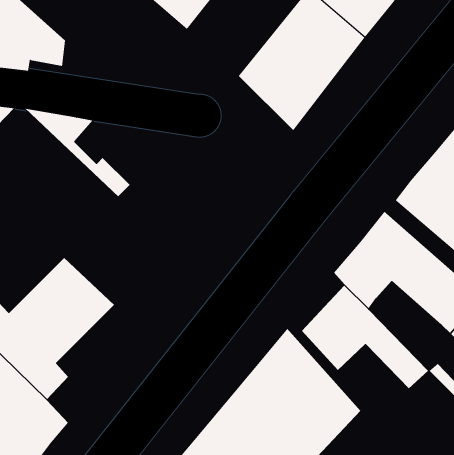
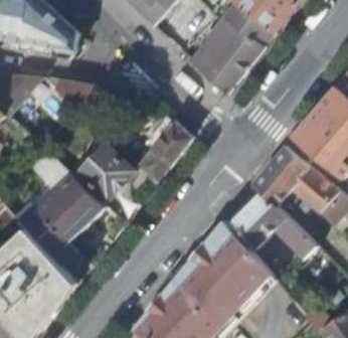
building: none -> [139,121,195,179]
building: none -> [84,145,137,198]

